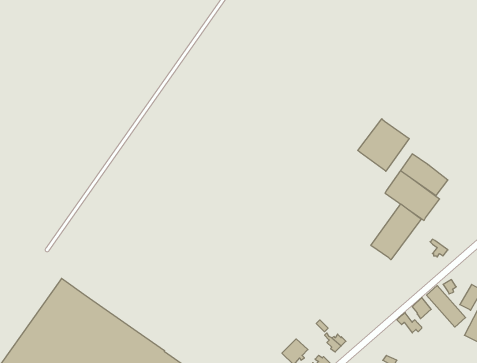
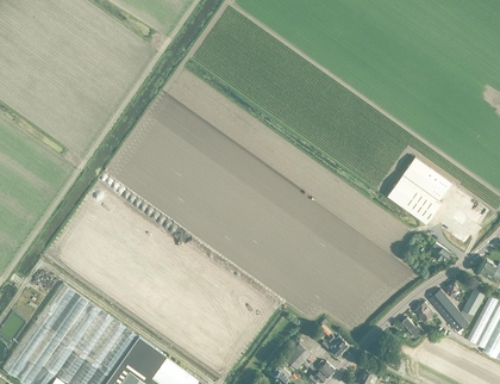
building: [358,119,409,171] -> none
building: [371,204,421,260] -> none

